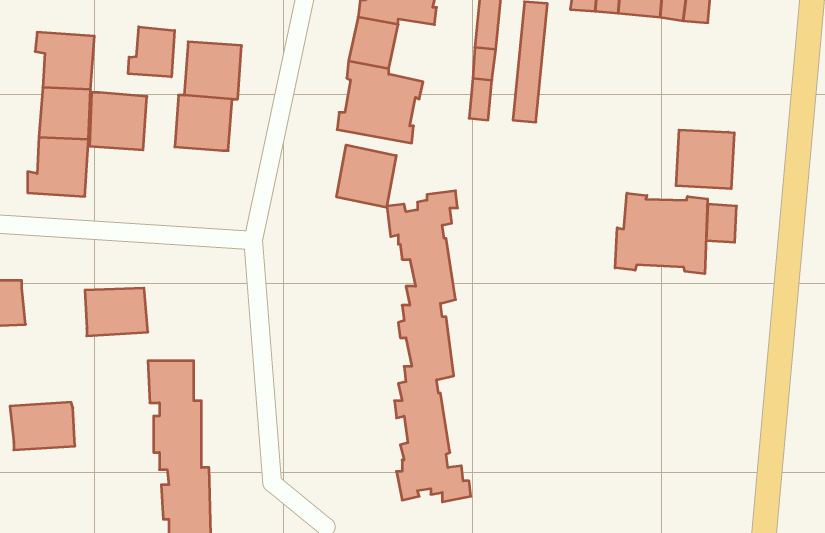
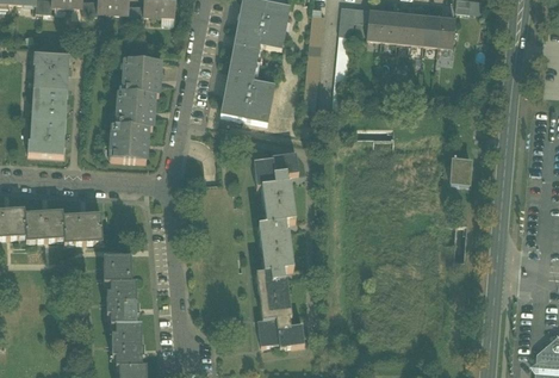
building: [128,27,175,77] -> none
building: [90,93,147,150] -> [113,125,149,161]
building: [676,130,734,189] -> none
building: [337,145,396,208] -> none
building: [615,193,708,274] -> none
building: [10,402,75,450] -> [24,211,64,241]

